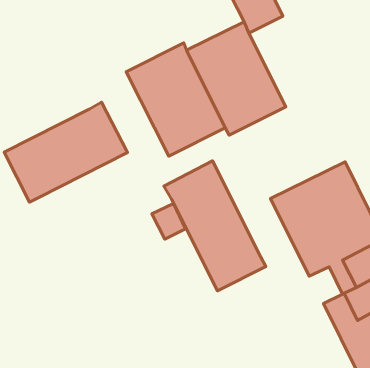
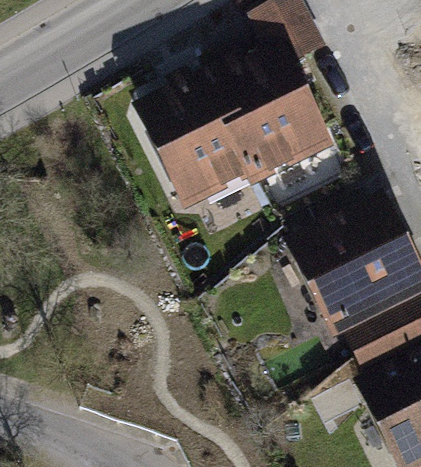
building: [4,102,127,202] -> none
building: [164,161,266,291] -> none

